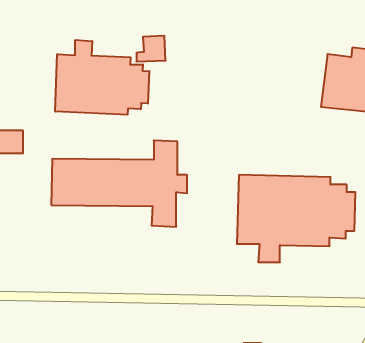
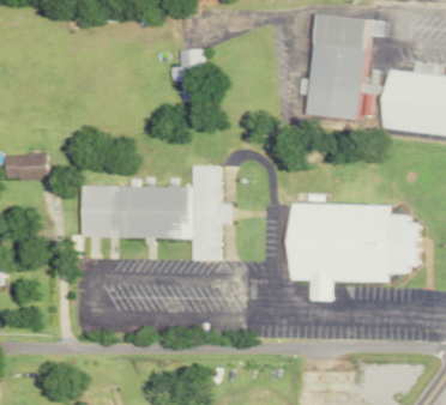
building: none -> [301,14,385,120]
building: [55,40,149,115] -> none

